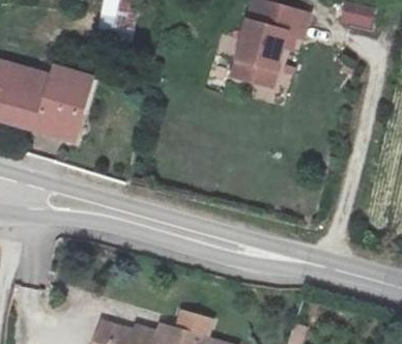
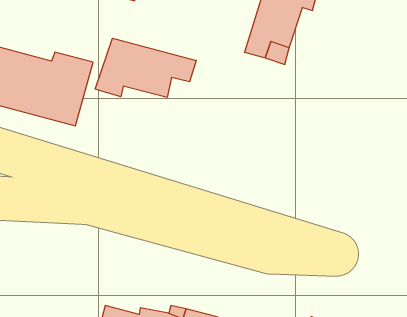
building: none -> [95,38,196,97]

